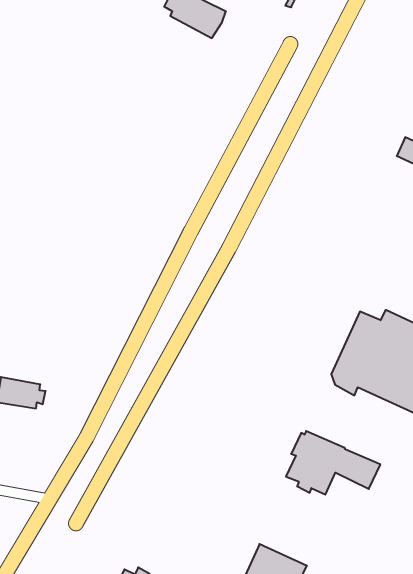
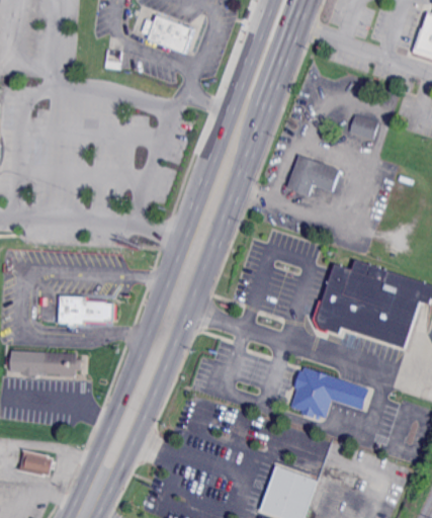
building: none -> [285,156,337,195]
building: none -> [57,295,113,324]

